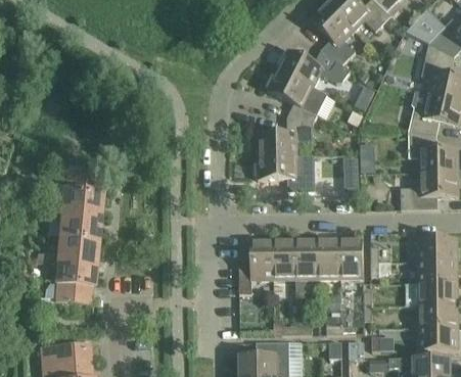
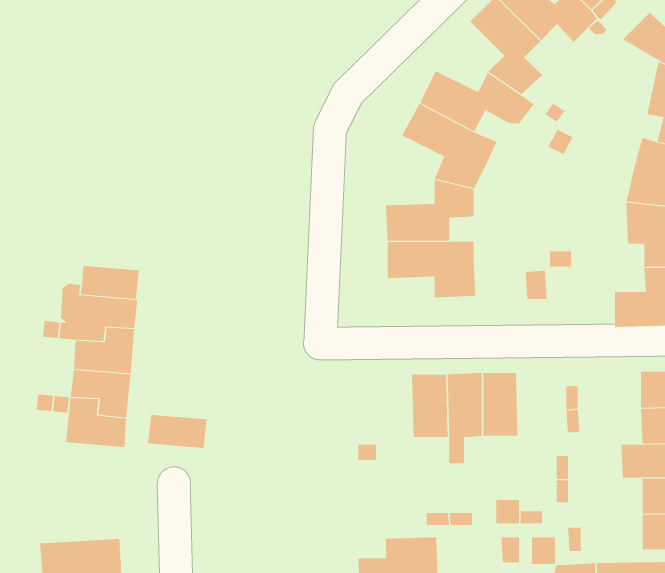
building: [339,238,363,278] -> none
building: [250,239,274,279] -> none
building: [54,282,92,303] -> [147,414,207,448]

